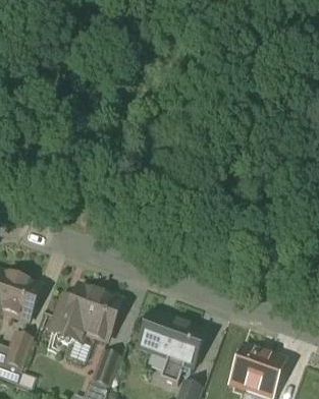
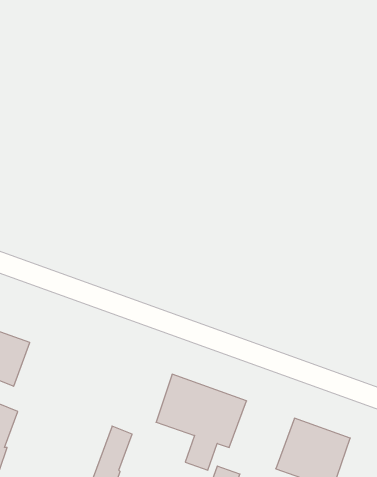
building: [51,284,121,343] -> none

